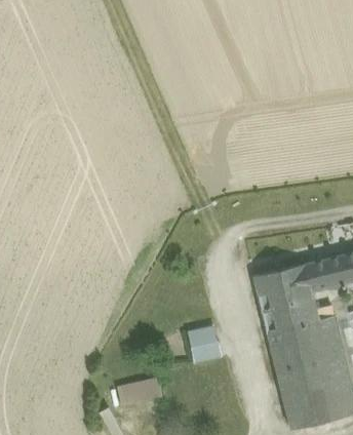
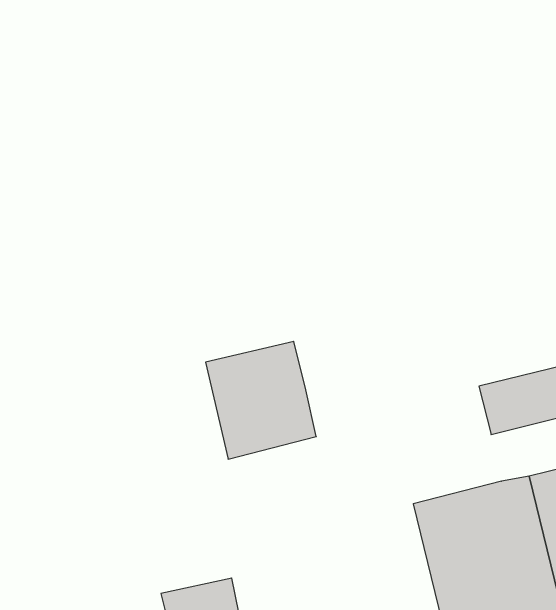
building: [253,264,319,333] -> [206,341,316,459]
building: [188,326,222,363] -> none

